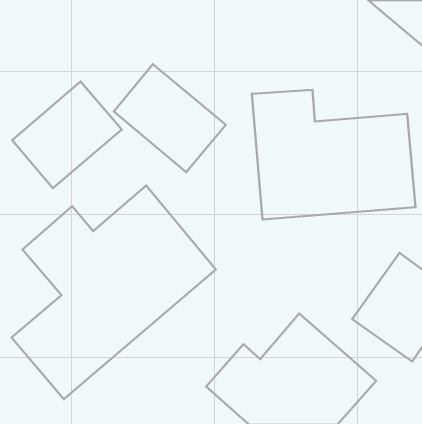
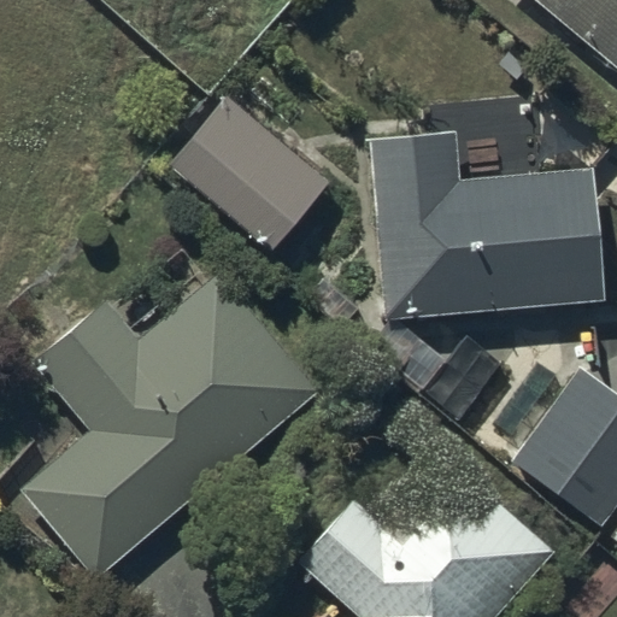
building: [12,81,122,188] -> none

